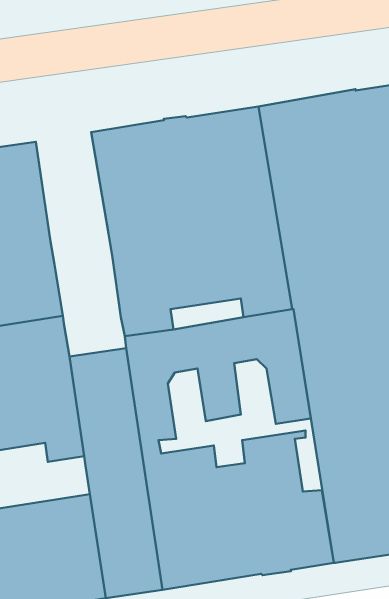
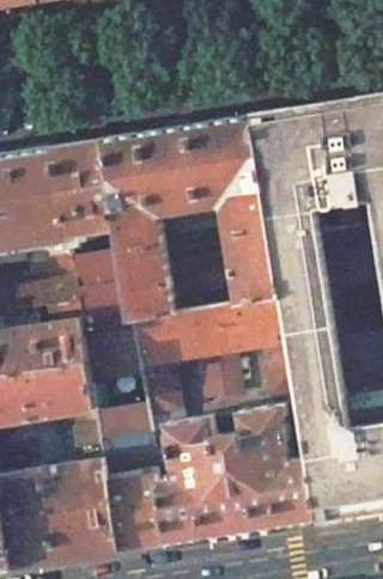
building: none -> [45,140,110,240]
building: none -> [62,251,121,311]

